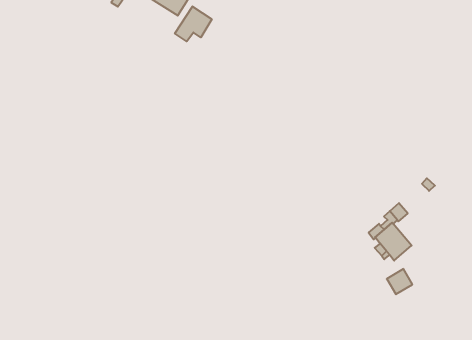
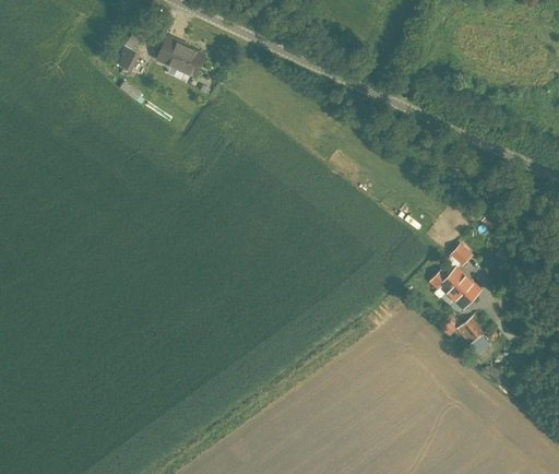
building: [175,6,212,41] -> none

